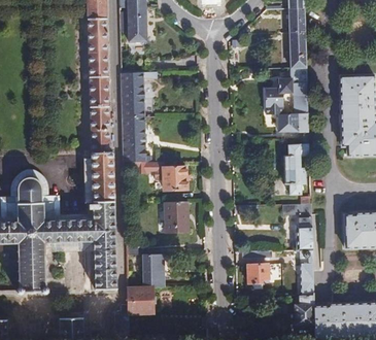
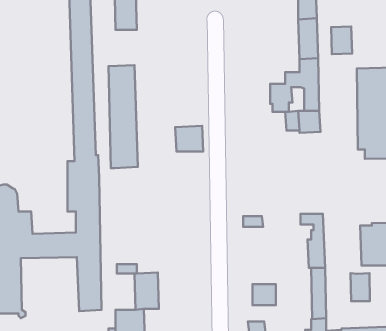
building: none -> [331,26,352,54]
building: [282,144,309,194] -> none
building: [163,166,187,189] -> [175,126,203,152]
building: [164,201,189,234] -> none
building: none -> [350,273,370,301]

